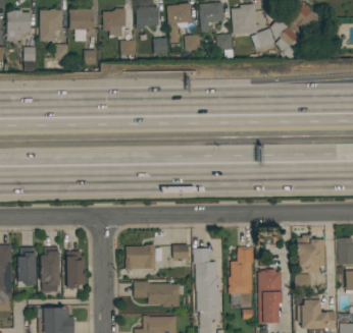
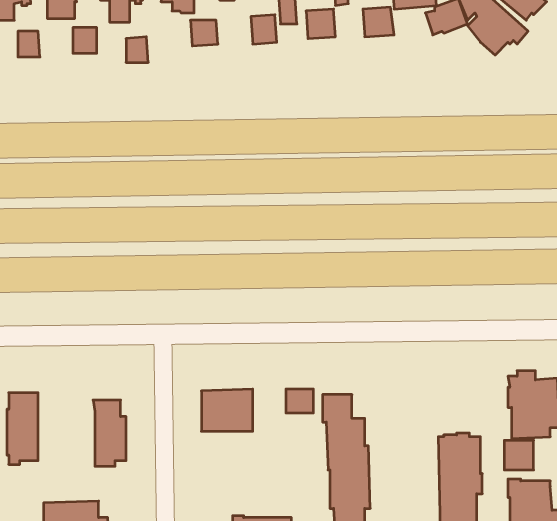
building: [40,246,59,291] -> none
building: [230,247,254,304] -> none
building: [135,281,185,307] -> none

